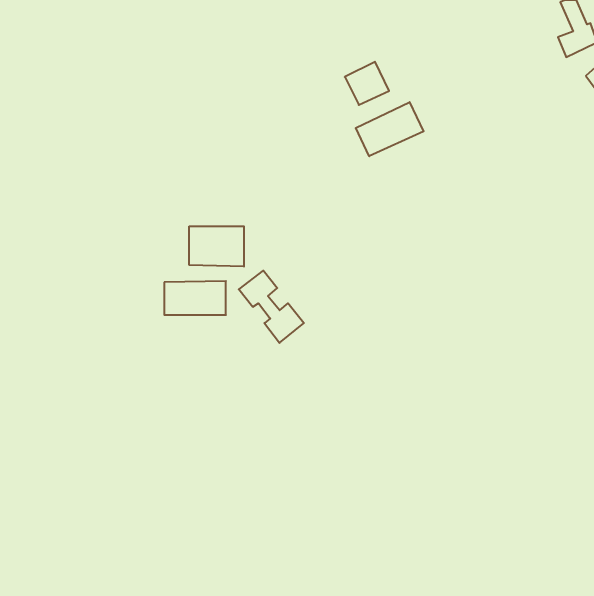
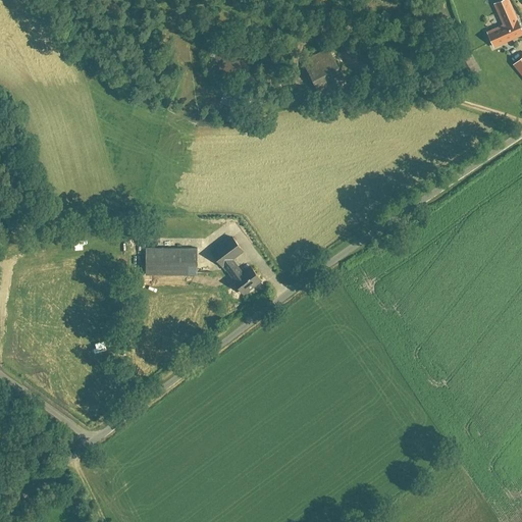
building: [356,102,424,156] -> none
building: [189,226,244,267] -> none

